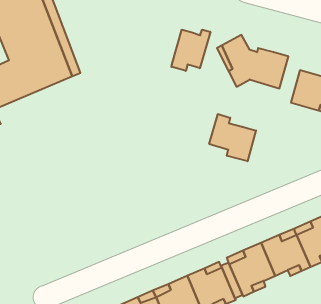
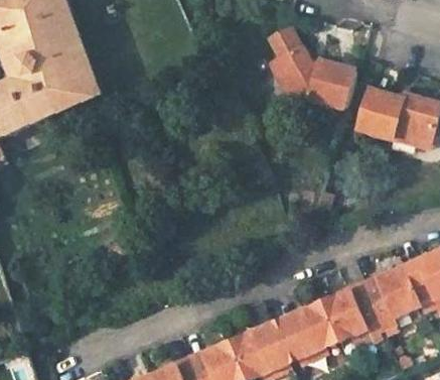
building: [171,30,210,71] -> none
building: [209,114,256,161] -> none

